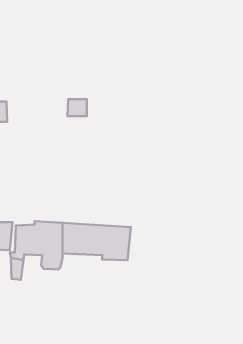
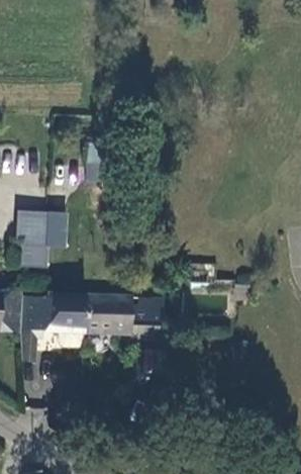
building: none -> [20,215,52,272]

